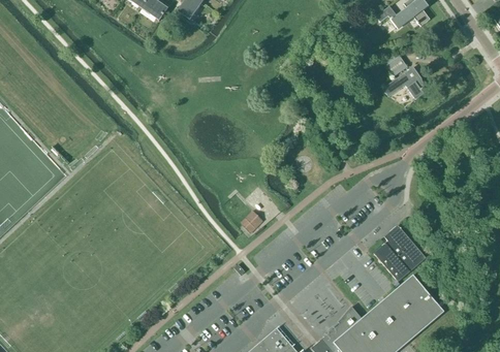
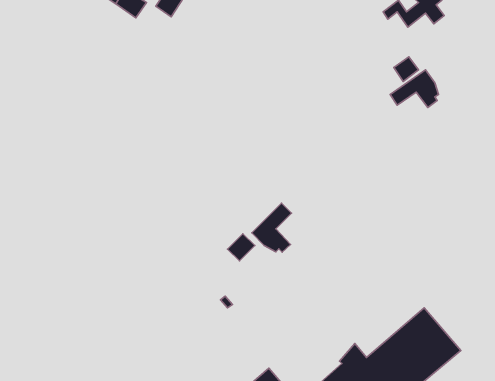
building: none -> [252,203,291,252]
building: [373,225,426,282] -> none

